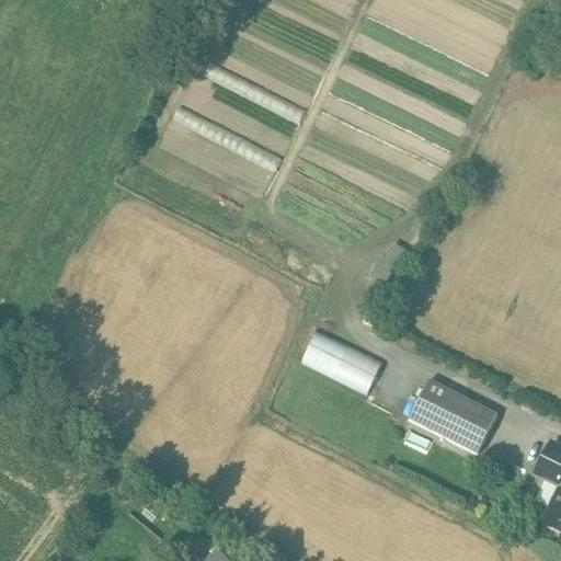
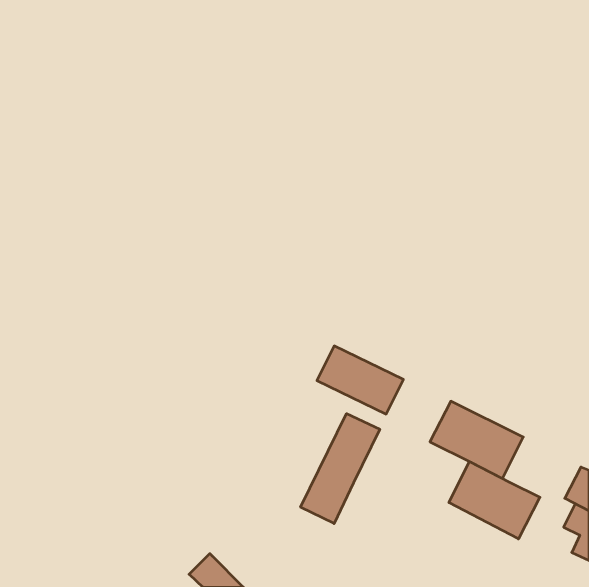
building: none -> [301,414,380,524]
building: none -> [449,462,540,539]

